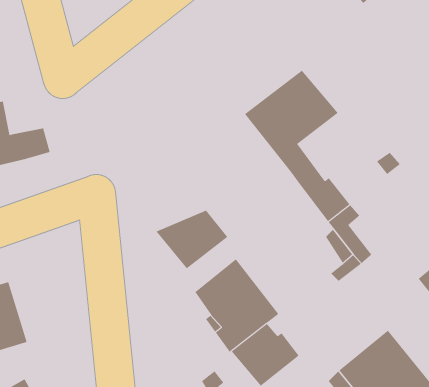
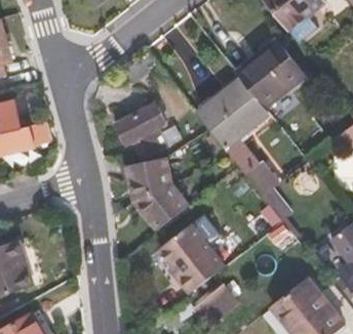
building: none -> [234,43,302,106]
building: none -> [113,102,167,158]
building: none -> [124,158,168,202]

